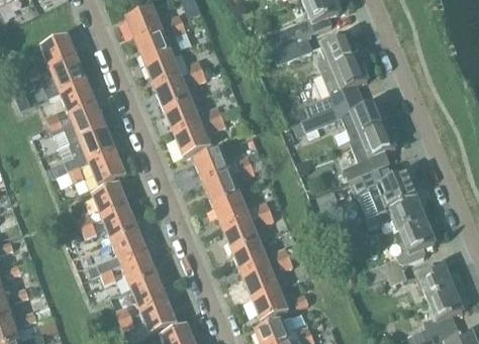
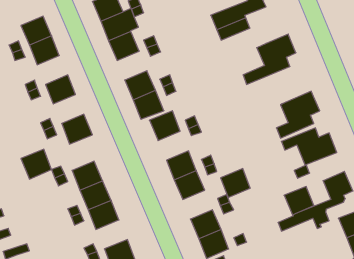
building: [316,32,358,72] -> none
building: [155,76,190,110] -> none
building: [60,81,96,115] -> none
building: [300,94,385,138] -> none
building: [79,127,115,161] -> none
building: [203,170,240,205] -> none
building: [91,182,127,217] -> [21,149,52,179]
building: [389,196,424,229] -> [284,187,314,215]
building: [232,240,268,274] -> [221,169,250,198]
building: [129,275,167,310] -> none

